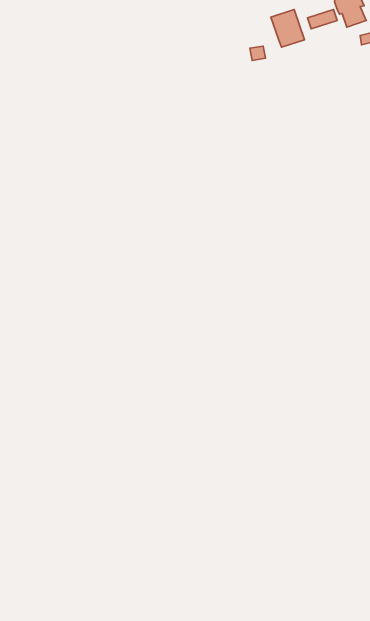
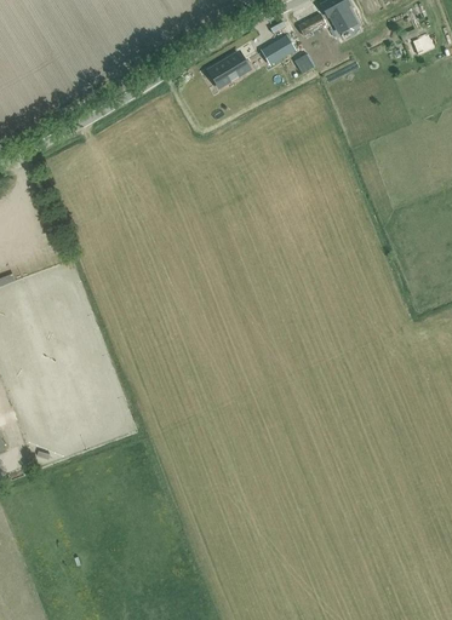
building: none -> [210,54,248,86]

